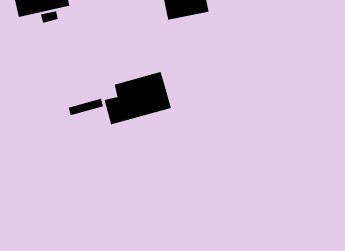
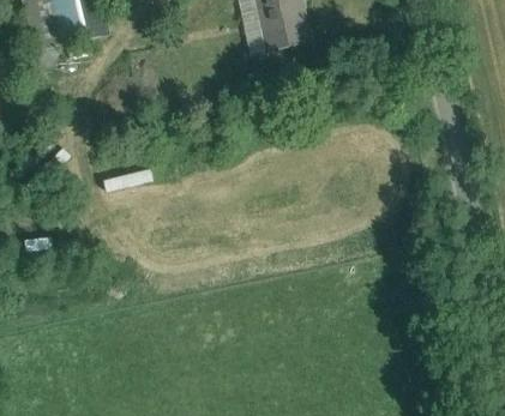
building: [104,71,171,125] -> none

